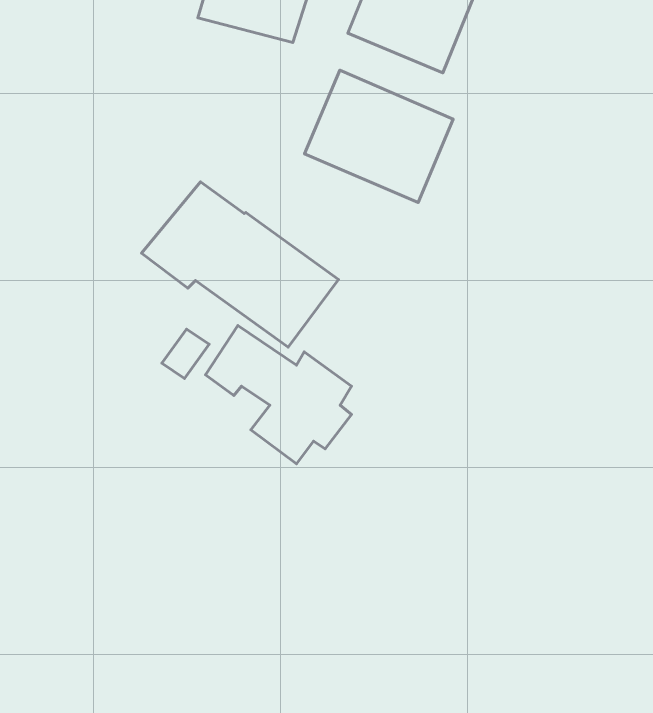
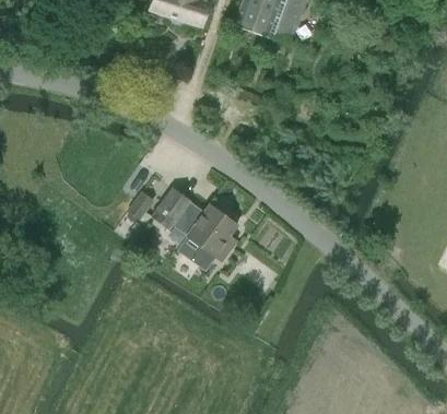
building: [305,70,453,203] -> none
building: [141,182,338,347] -> none

